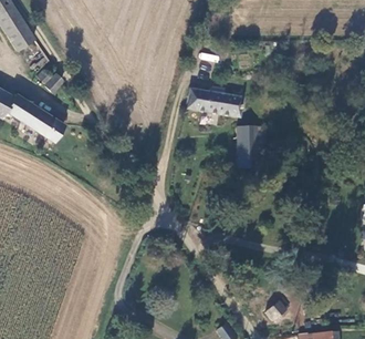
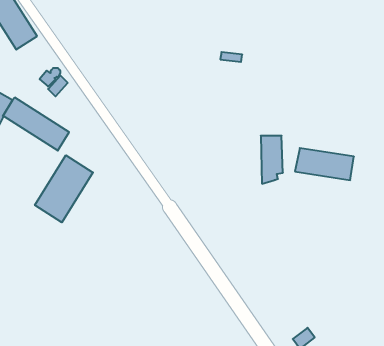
building: [189,89,242,117] -> [295,148,354,180]
building: none -> [35,155,93,222]

